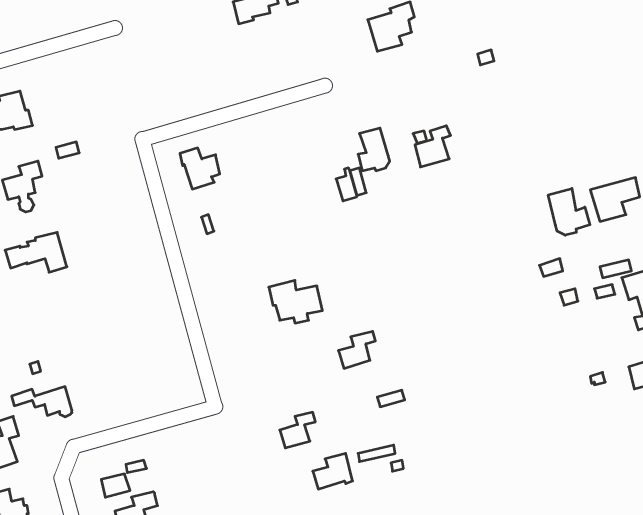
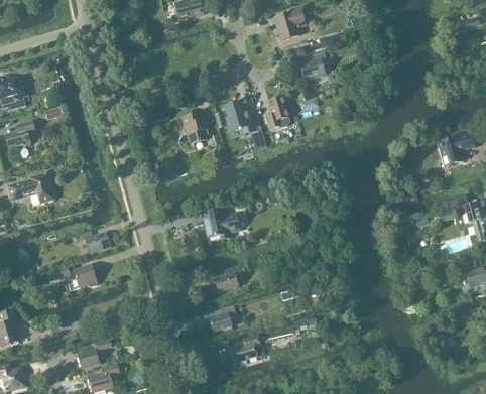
building: [415,126,451,167] -> [300,50,327,81]
building: none -> [226,102,255,134]
building: [180,148,220,189] -> [183,114,212,144]
building: [548,188,590,235] -> none
building: none -> [81,231,111,253]
building: [338,331,375,368] -> [215,265,242,292]
building: [12,387,72,417] -> [52,265,97,287]

